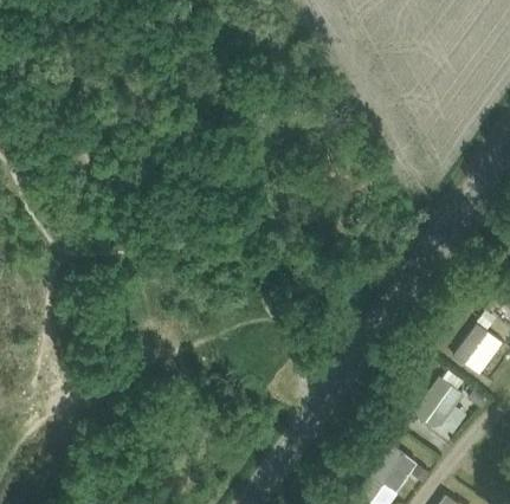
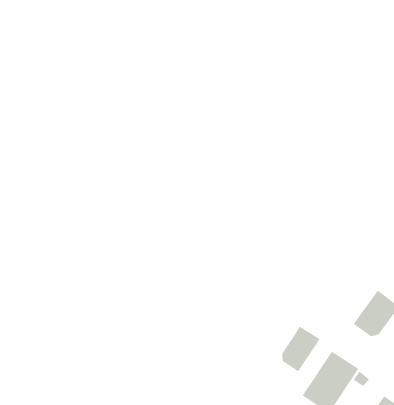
building: none -> [282,326,320,372]

